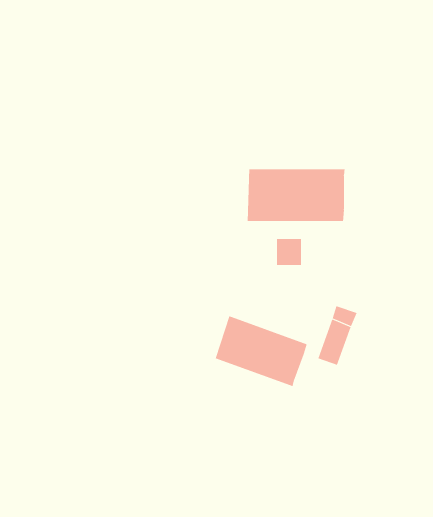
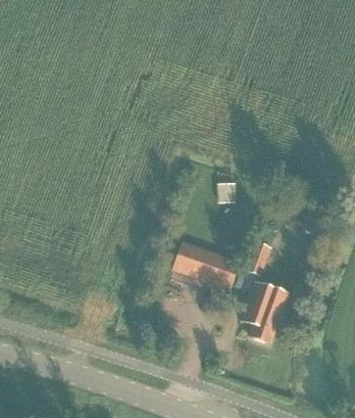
building: [247,168,345,222] -> none
building: none -> [241,282,290,342]

